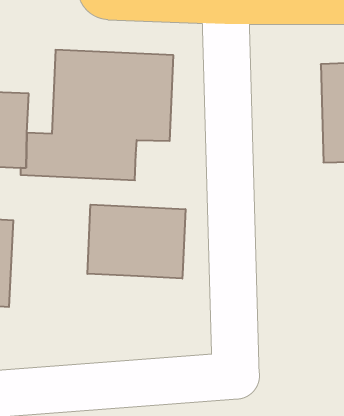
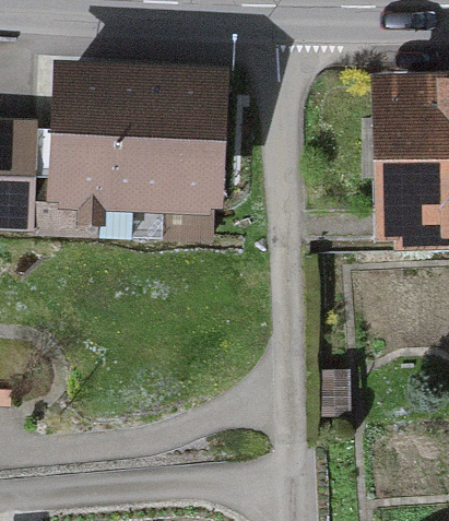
building: [87,205,185,279] -> none

